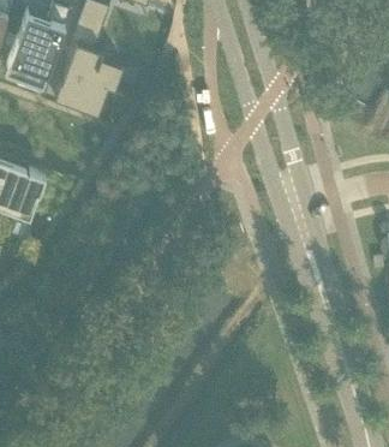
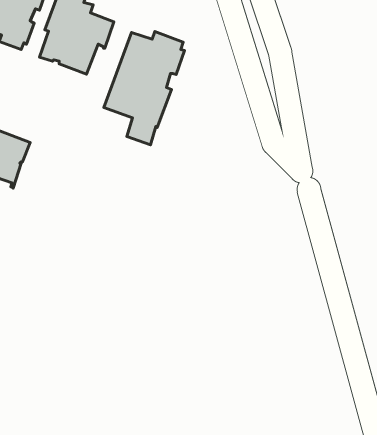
building: none -> [104,32,185,145]

